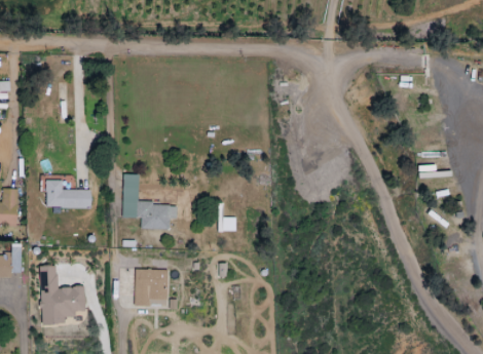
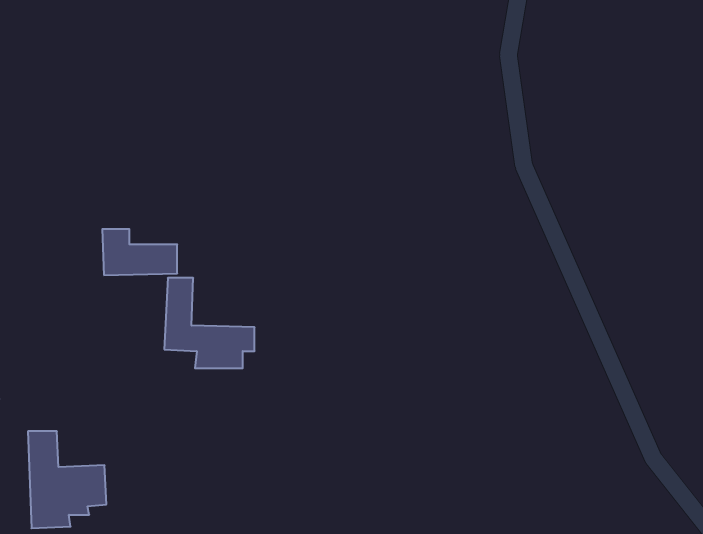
building: [46,180,91,207] -> [102,229,177,275]
building: [135,268,169,305] -> none

